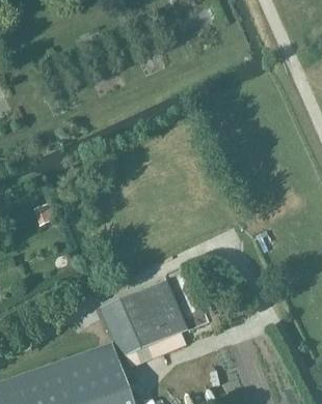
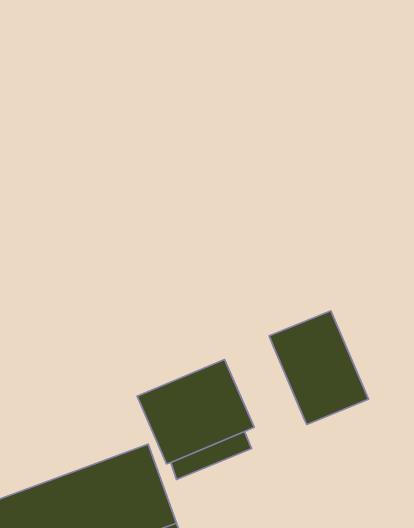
building: none -> [269,311,368,424]

